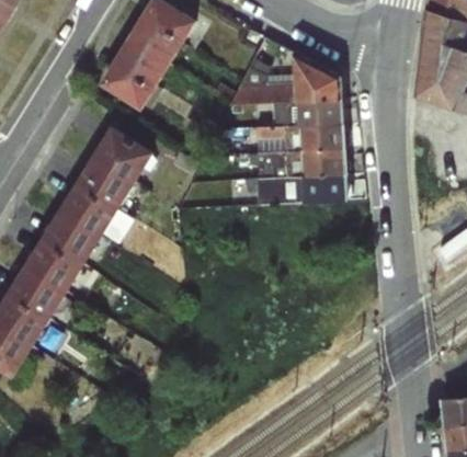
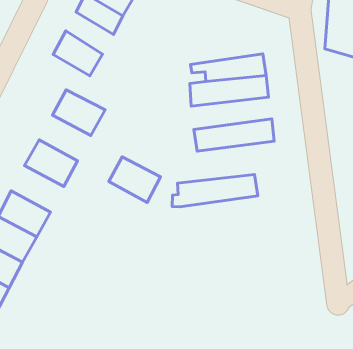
building: [115,35,170,85] -> none
building: [227,36,341,105] -> none
building: [247,148,346,180] -> [172,174,258,207]
building: [76,152,136,207] -> [109,157,161,203]
building: [39,208,101,264] -> none

